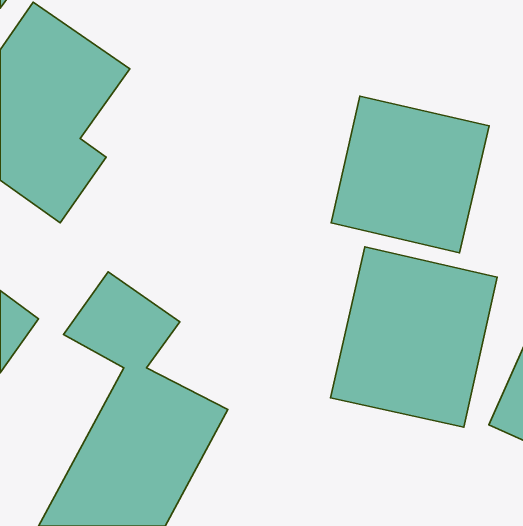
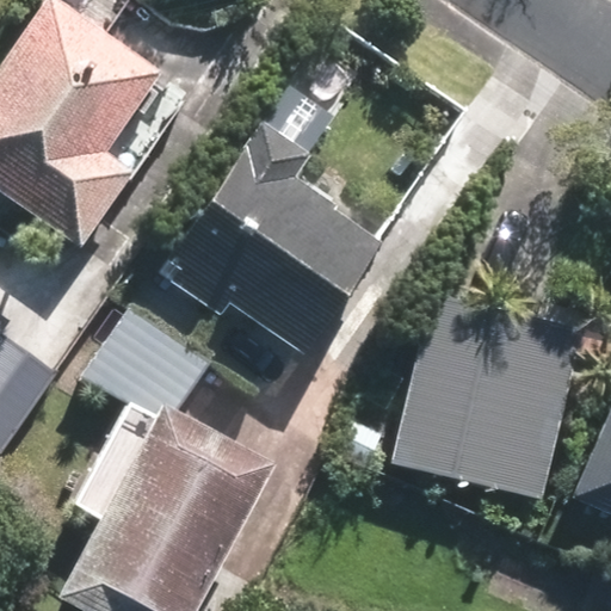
building: [331,96,489,253] -> none
building: none -> [161,126,383,360]

